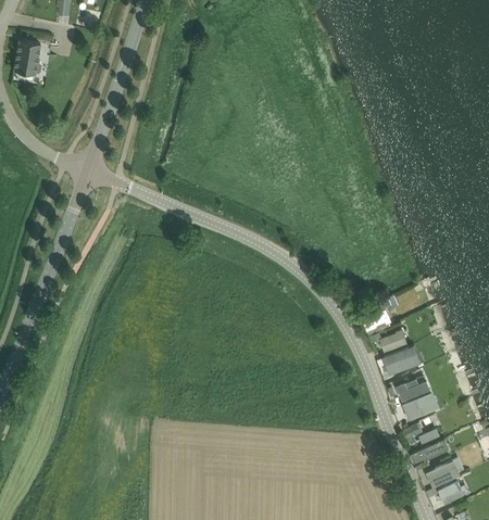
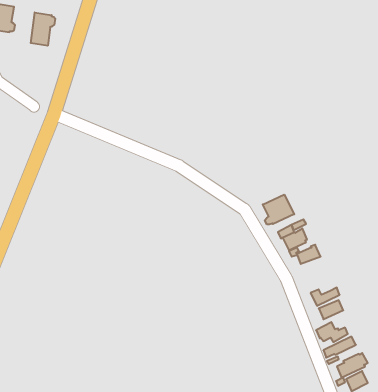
building: none -> [31,12,55,46]
building: none -> [263,195,294,224]
building: [383,345,422,376] -> none

